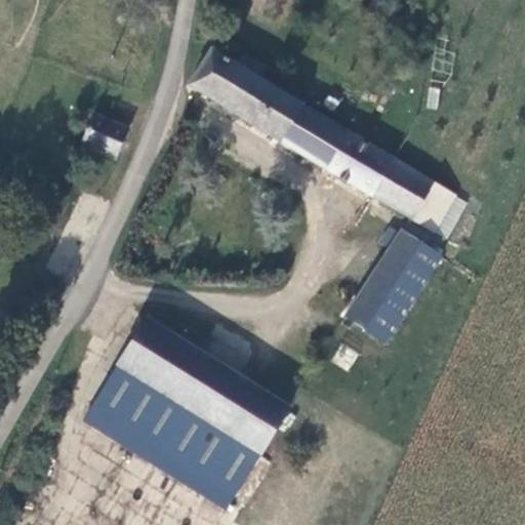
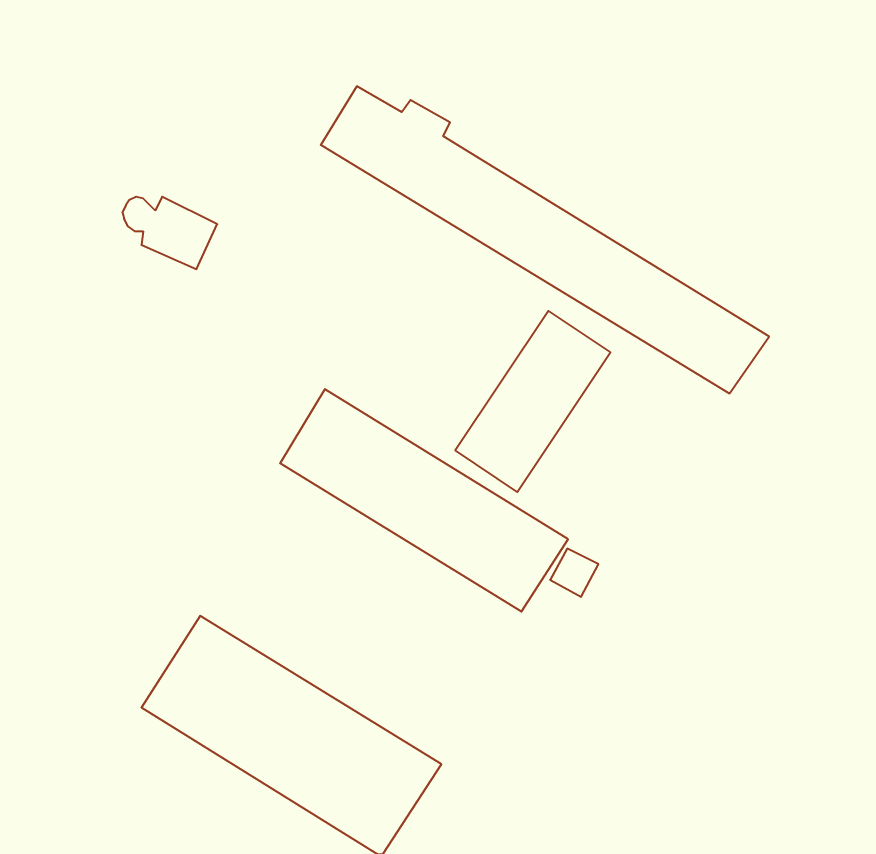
building: [349,236,441,344] -> [455,311,610,492]
building: [119,322,290,454] -> [280,389,568,612]

